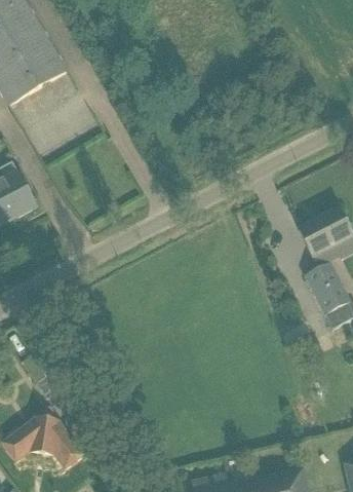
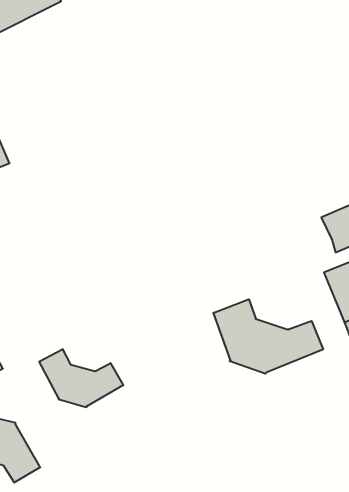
building: none -> [213,299,323,374]
building: none -> [39,349,123,407]

